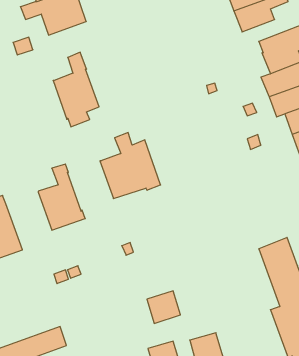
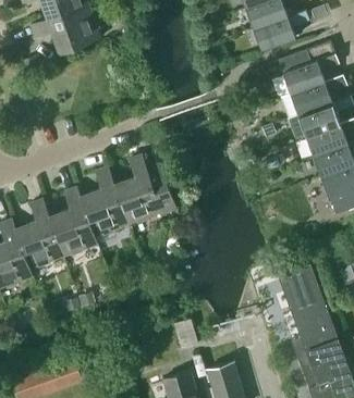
building: [53,52,99,127] -> [80,166,127,244]
building: none -> [15,199,63,268]

